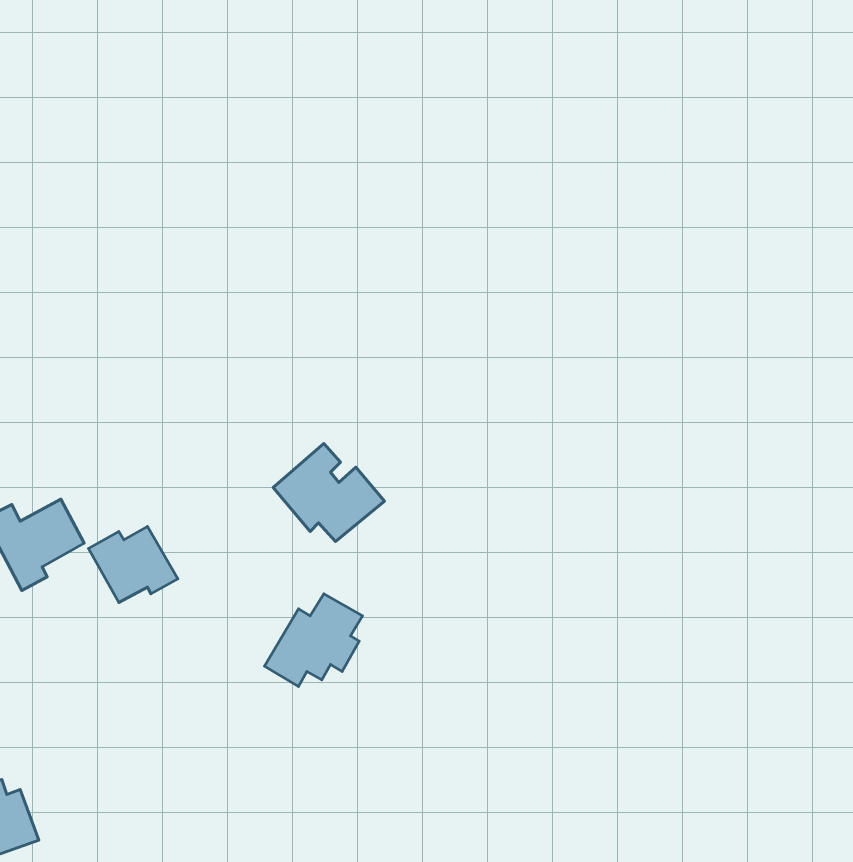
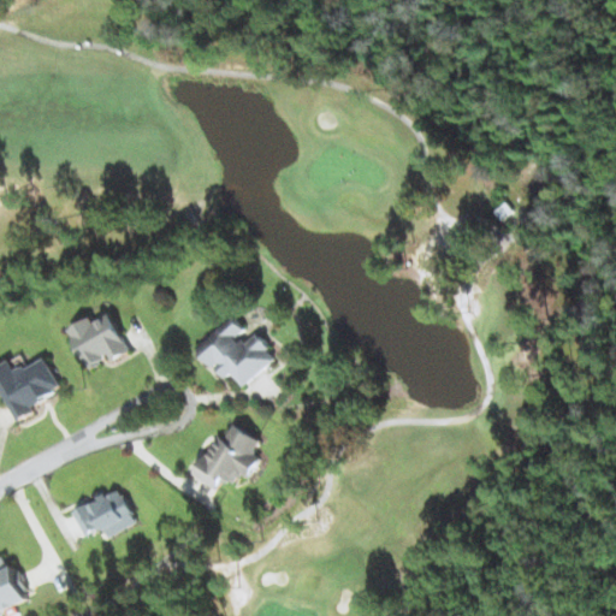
building: [88,526,178,602] -> [65,313,129,367]
building: none -> [70,488,135,537]

